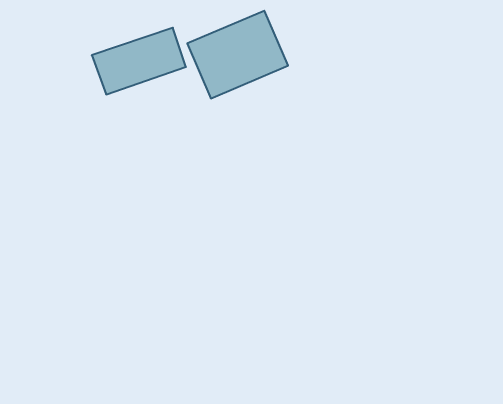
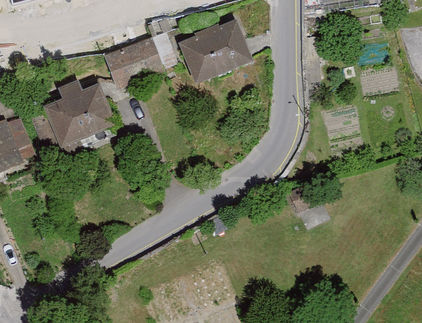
building: none -> [44,75,116,148]

